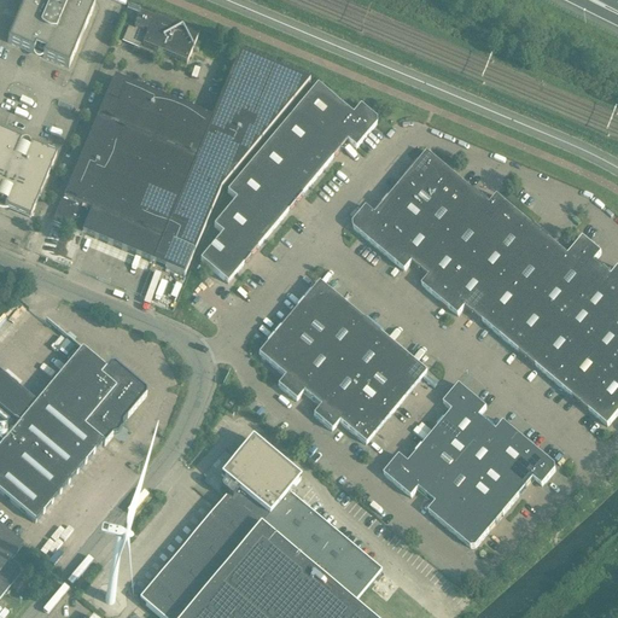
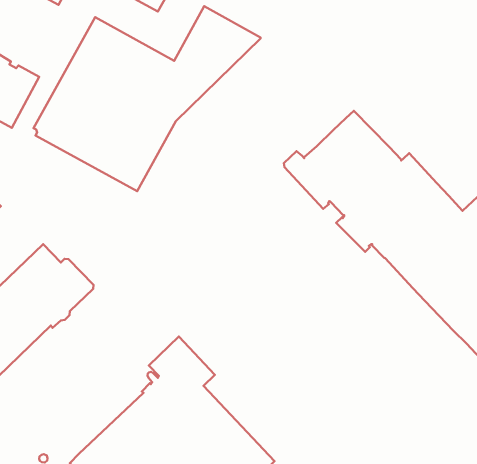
building: [200,80,377,279] -> none
building: [258,278,426,439] -> none
building: [384,380,555,543] -> none

